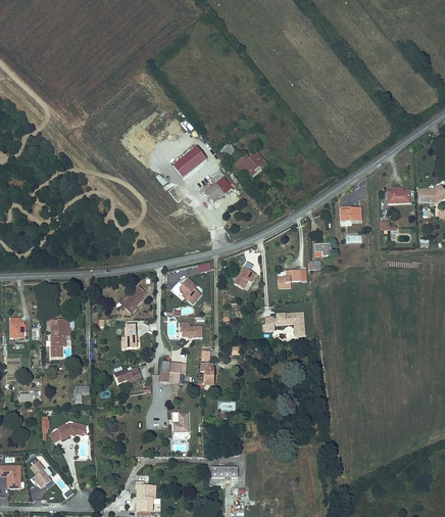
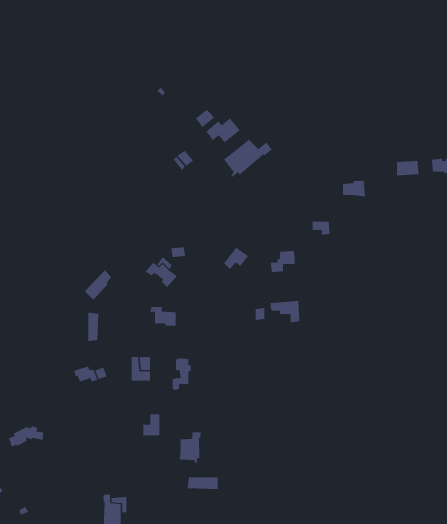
building: [169,148,204,181] -> none
building: none -> [223,139,273,178]
building: [51,319,68,357] -> none
building: none -> [180,431,201,464]

